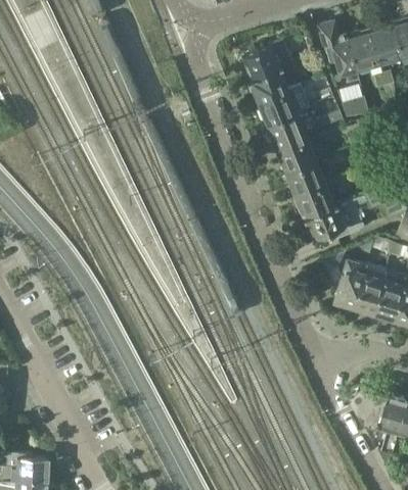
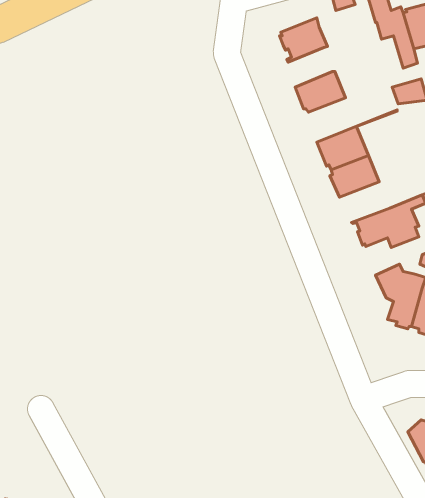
building: [250,69,288,103] -> none
building: [267,111,344,150] -> none
building: [294,184,337,218] -> none

